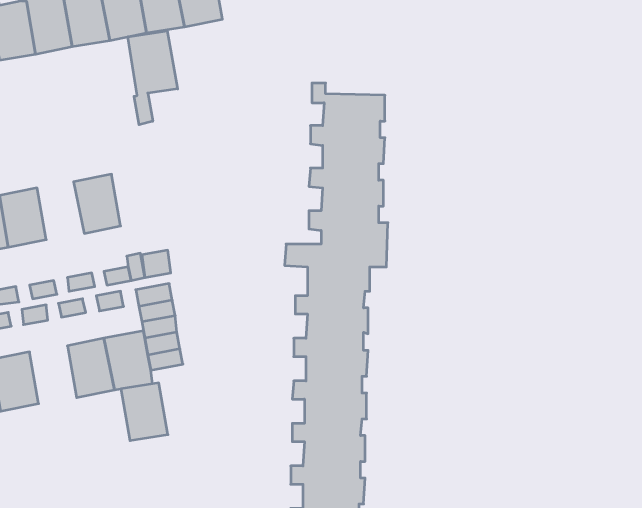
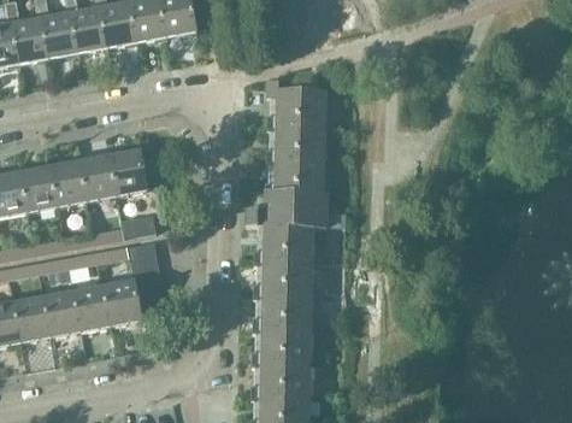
building: [128,31,178,125] -> none
building: none -> [108,148,147,194]
building: none -> [49,159,87,205]
building: [121,383,168,441] -> [43,289,81,335]

